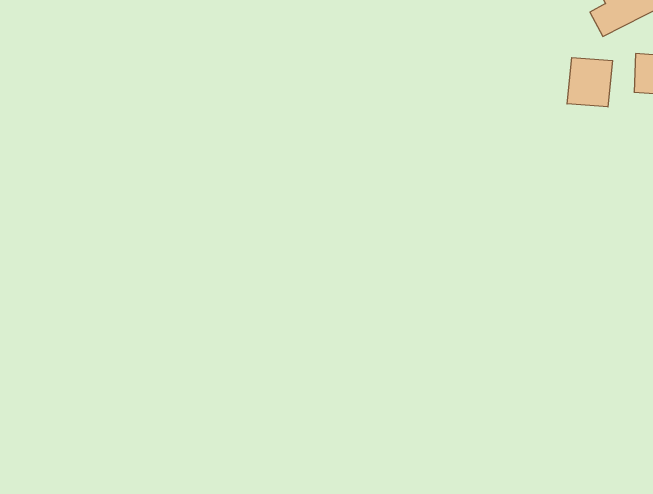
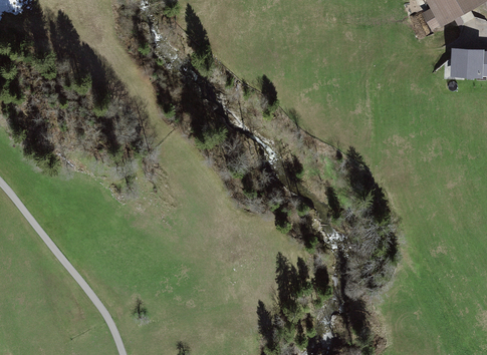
building: [567,58,613,107] -> none

